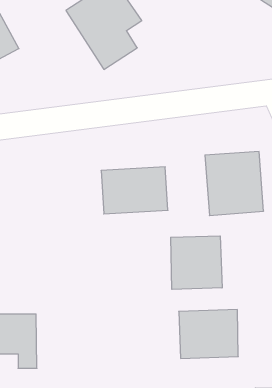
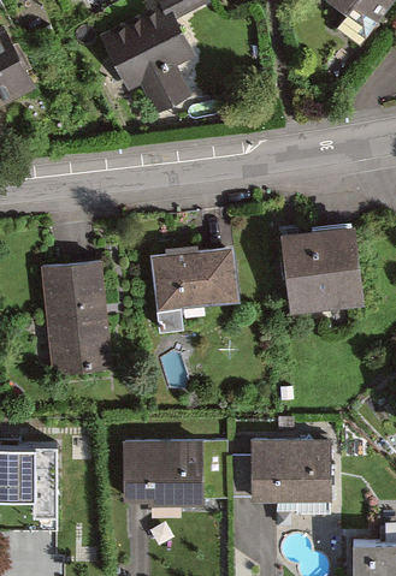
building: none -> [43,261,112,372]
building: [171,236,222,289] -> none
building: none -> [125,440,206,504]

